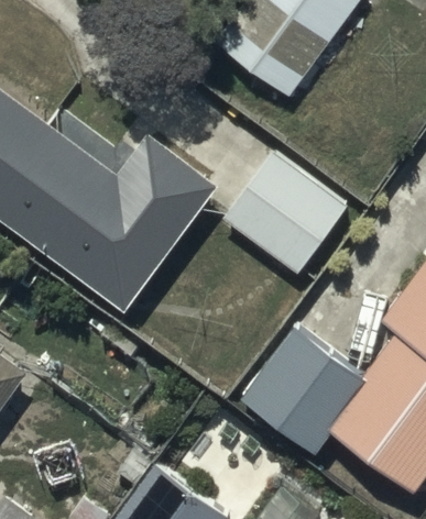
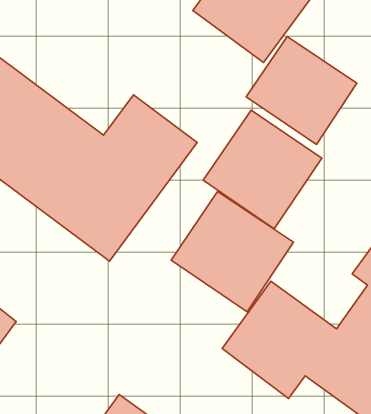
building: none -> [246,36,357,144]
building: none -> [171,191,293,312]

